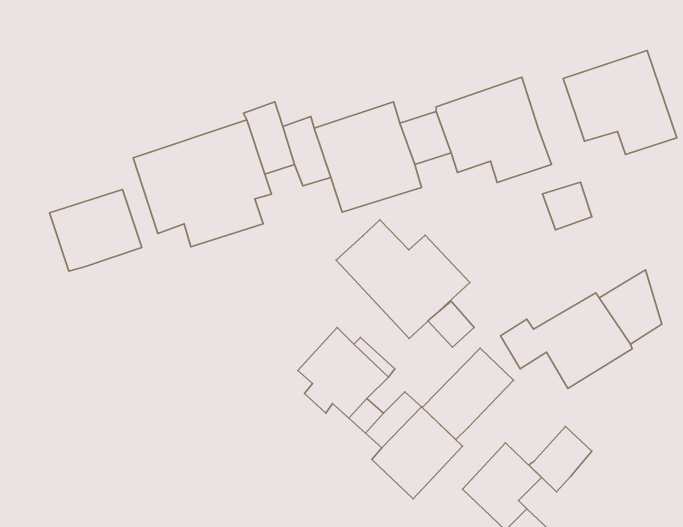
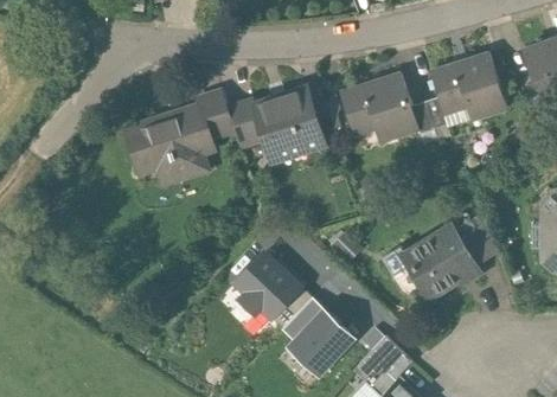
building: [542,182,592,230] -> [409,98,444,133]
building: [49,189,142,271] -> none
building: [336,220,470,338] -> none
building: [422,348,513,440] -> none
building: [529,427,592,492] -> none

